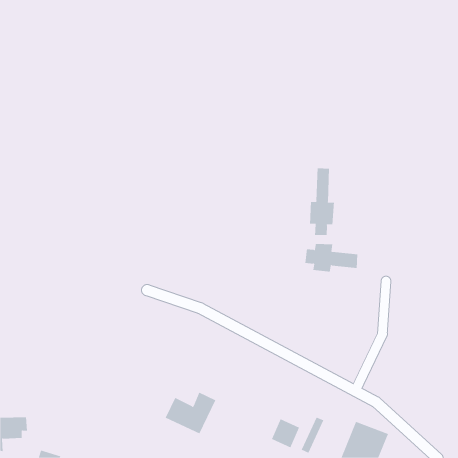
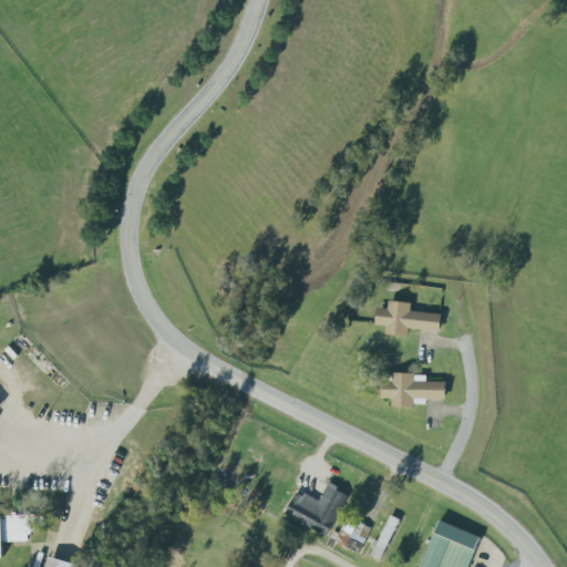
building: [310,167,335,236] -> none
building: none -> [381,373,446,406]
building: [165,392,216,434] -> [285,483,348,535]

